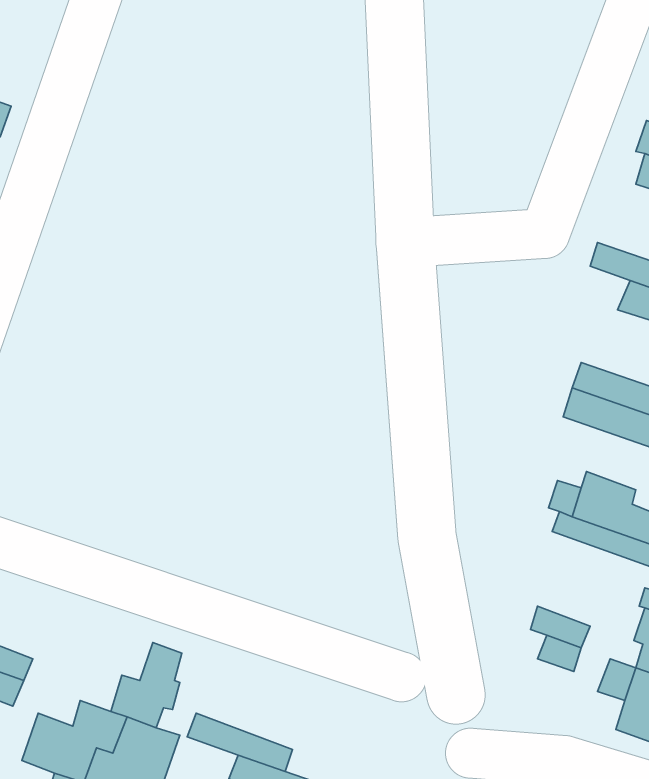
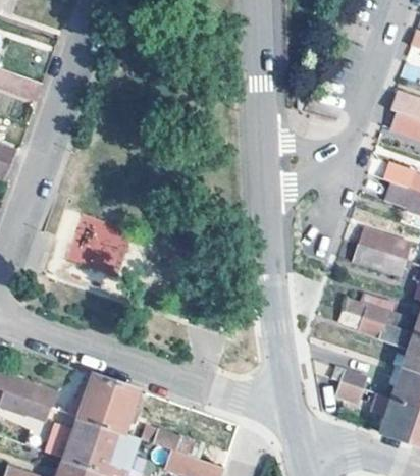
building: none -> [65,213,132,276]
building: none -> [68,376,120,424]

